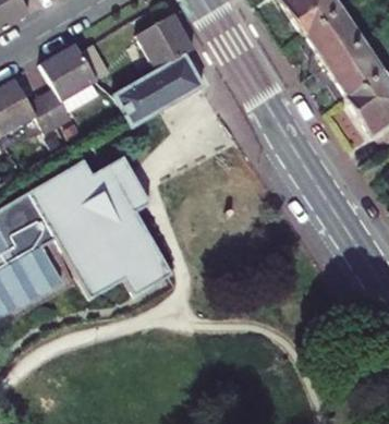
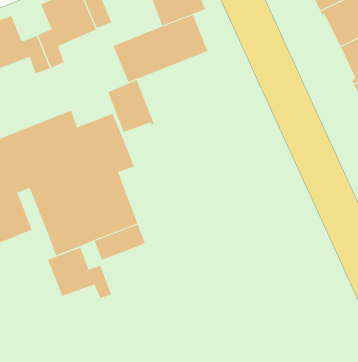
building: none -> [107,79,155,133]
building: none -> [47,247,112,299]

